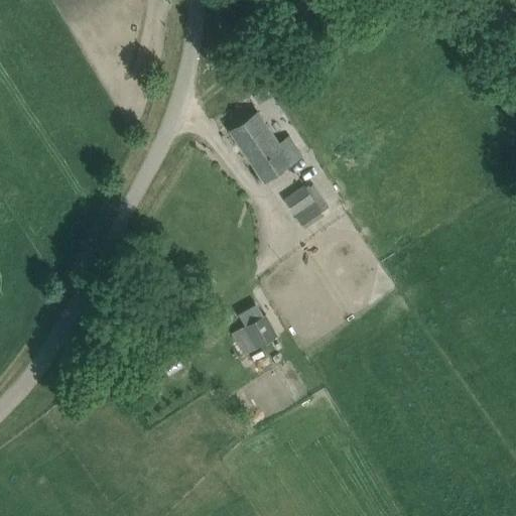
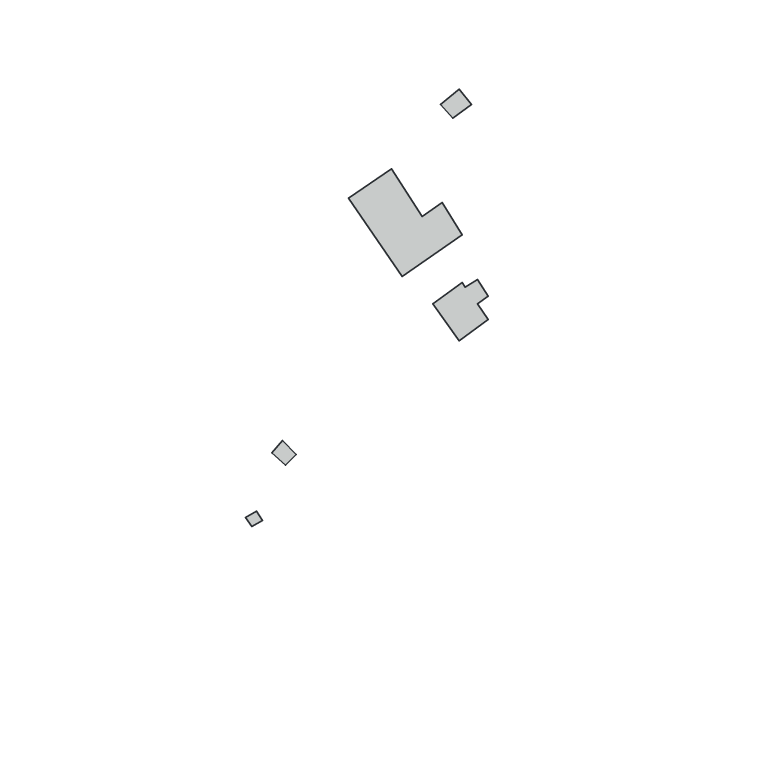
building: [233,316,276,355] -> none

